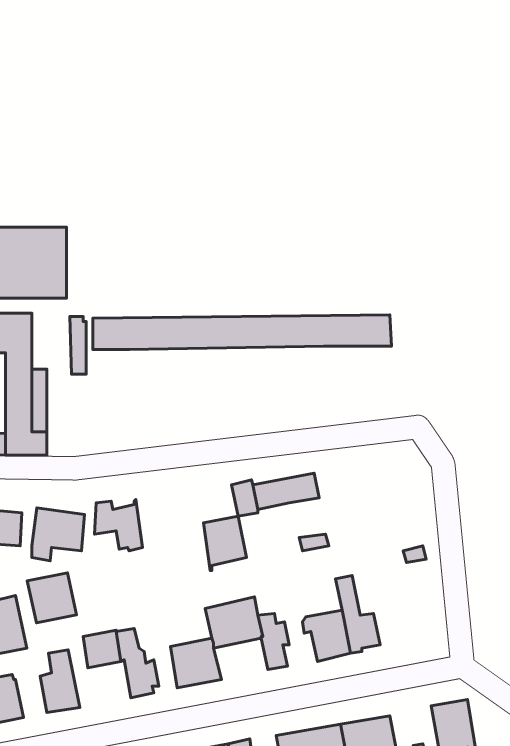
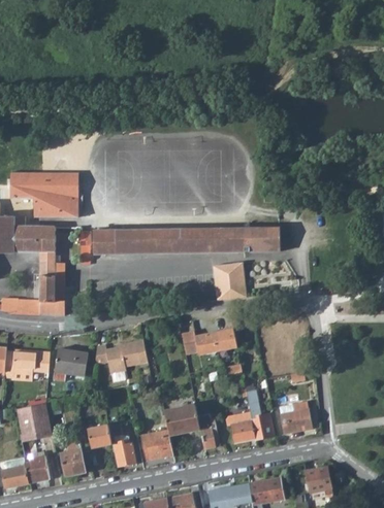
building: none -> [213,260,245,299]
building: [203,516,246,571] -> [121,339,148,373]
building: [27,573,77,623] -> none
building: none -> [278,401,312,434]

